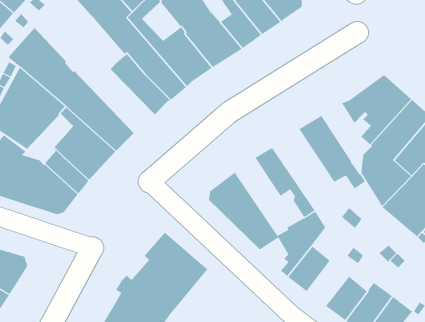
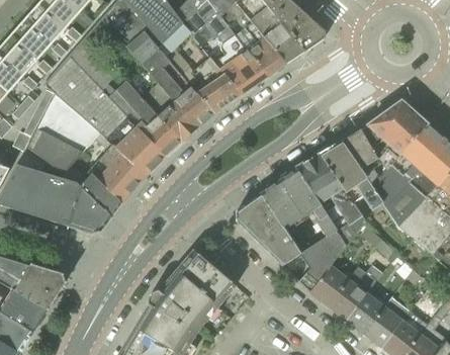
building: none -> [108,81,184,157]
building: none -> [342,128,377,183]
building: none -> [294,153,365,246]
building: none -> [260,180,309,253]
building: none -> [328,269,374,320]

